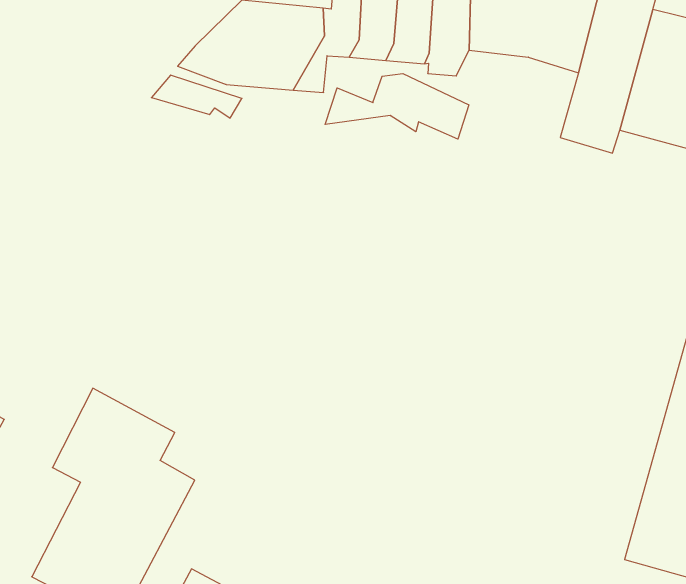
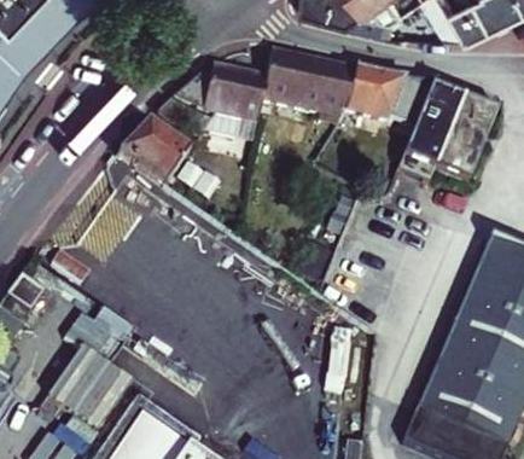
building: [325,74,469,139] -> none
building: none -> [120,122,187,184]

